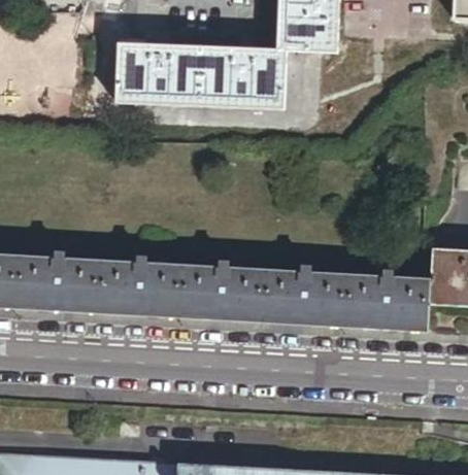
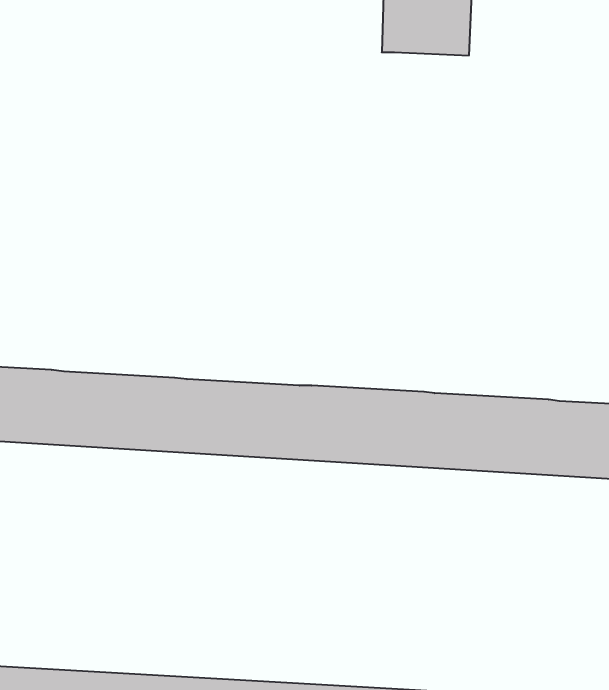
building: [118,40,286,107] -> none

